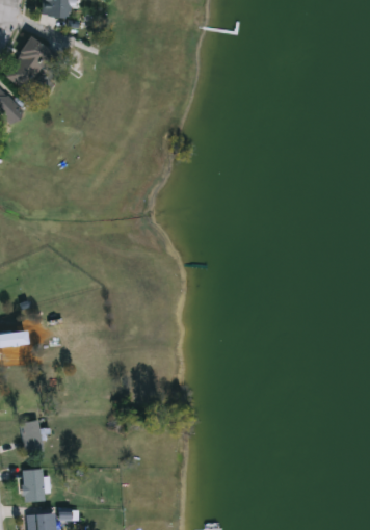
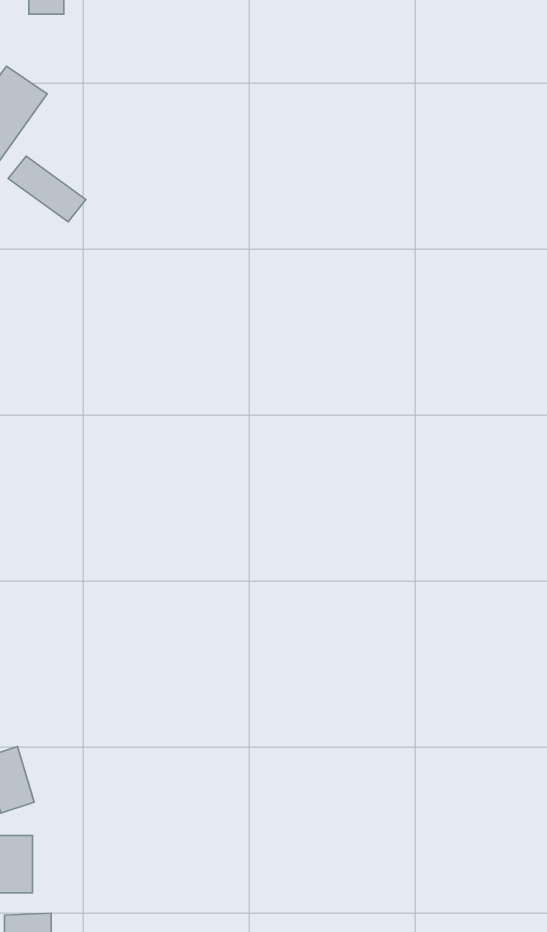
building: none -> [8,156,86,222]

